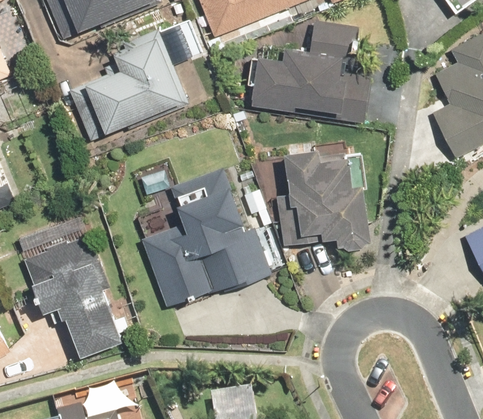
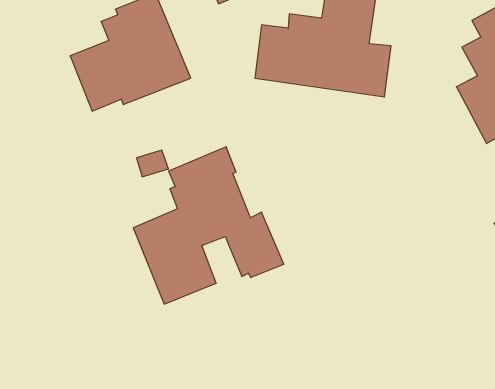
building: [279,148,366,247] -> none
building: [24,235,120,359] -> none

